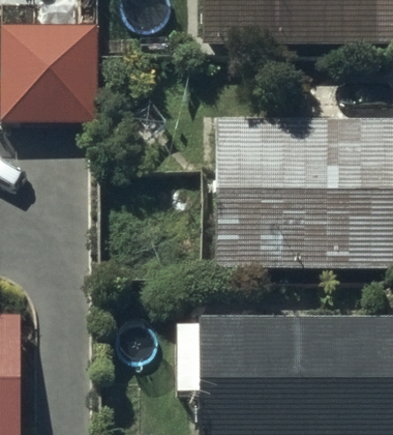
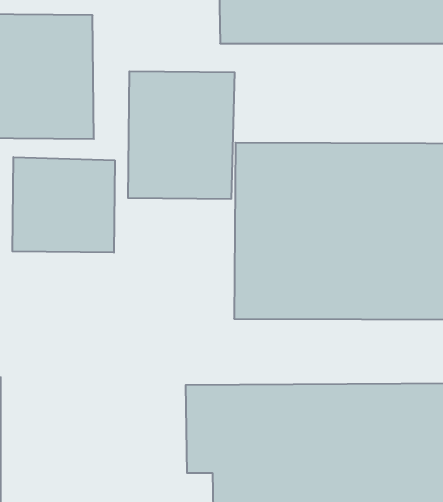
building: none -> [128,71,235,199]
building: none -> [12,157,115,253]

